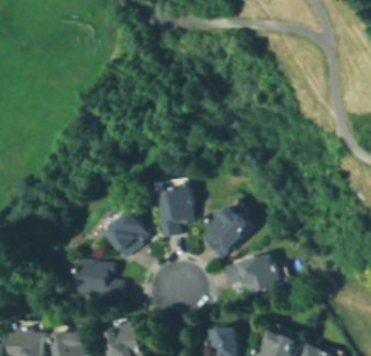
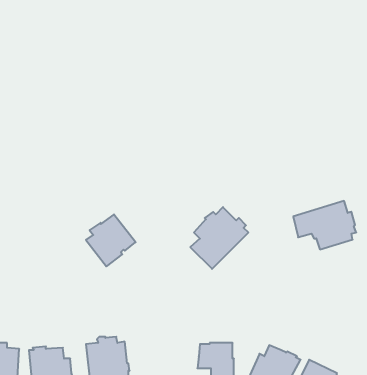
building: [154,187,192,237] -> none
building: [222,252,279,296] -> [293,201,356,249]
building: [72,257,122,298] -> none

